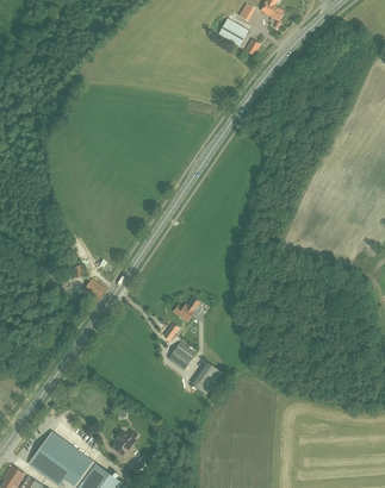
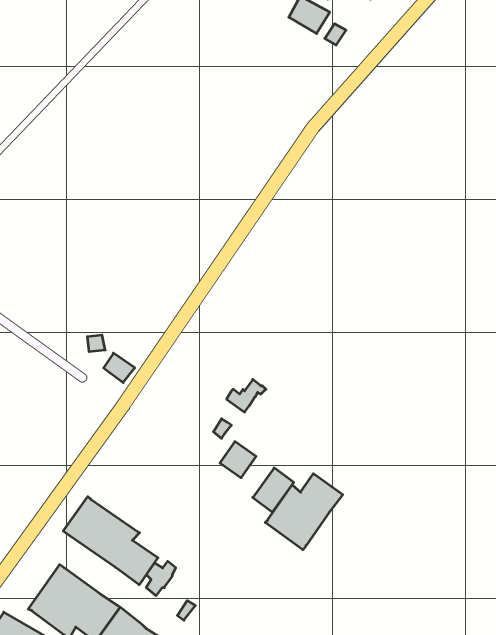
building: none -> [265,474,343,550]
building: none -> [63,497,158,585]

